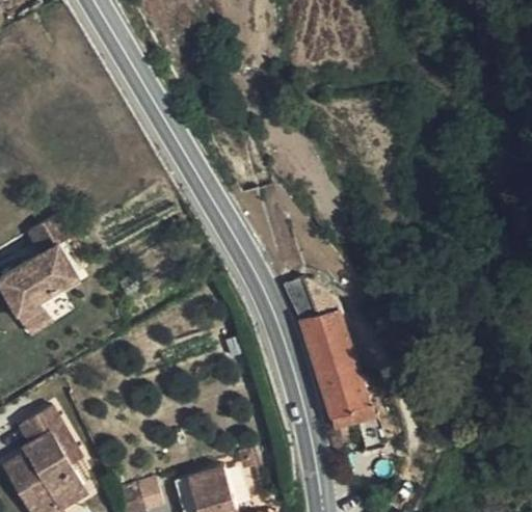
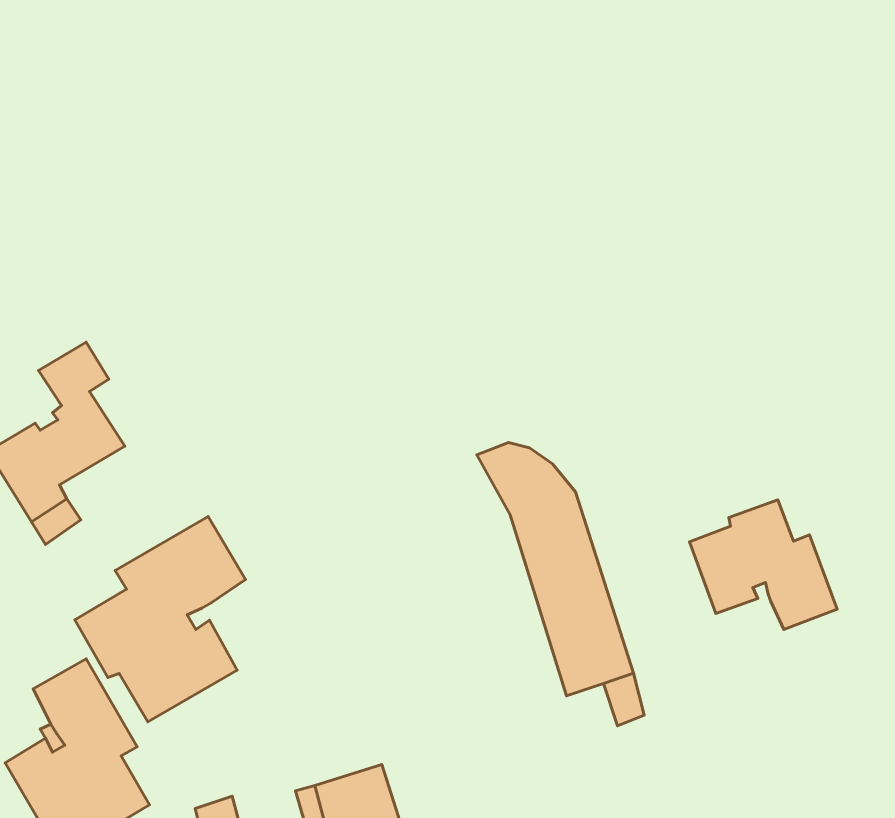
building: none -> [689,500,837,630]
building: none -> [75,517,246,722]

